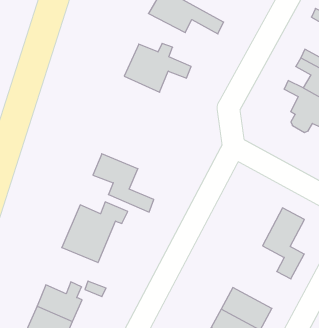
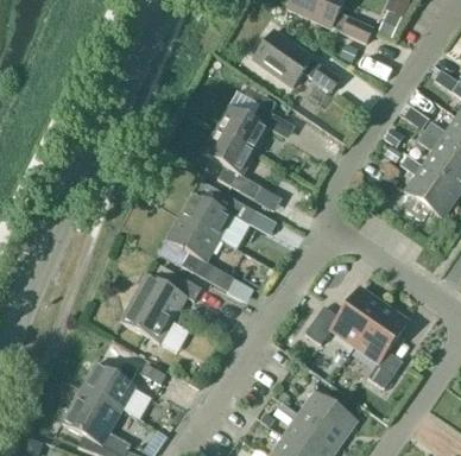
building: none -> [203,128,261,200]
building: none -> [179,179,270,239]
building: none -> [305,287,384,346]

